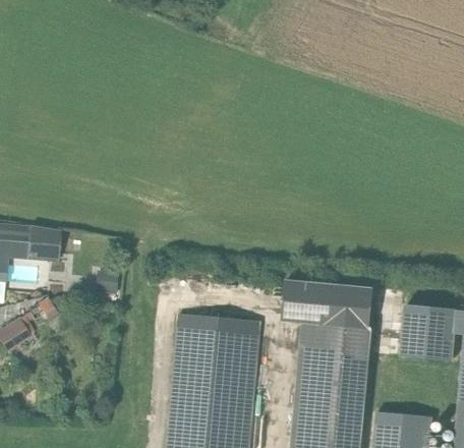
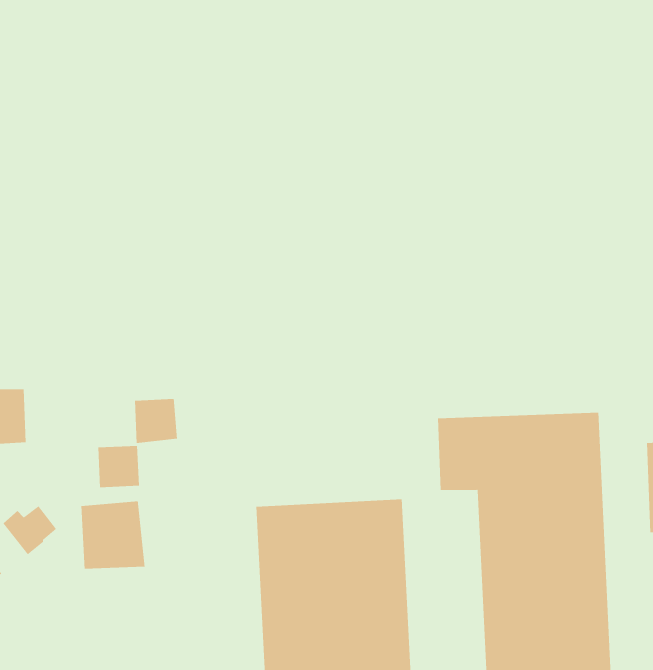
building: none -> [134,398,177,444]
building: none -> [81,501,145,569]

